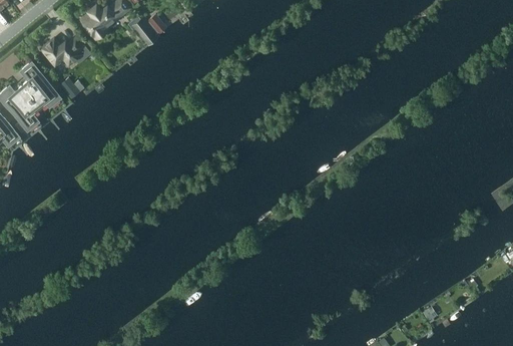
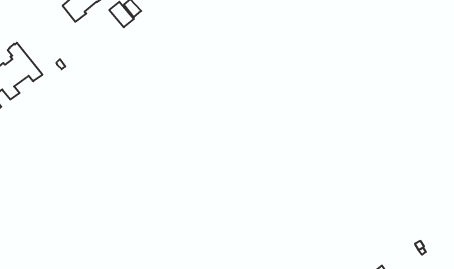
building: [41,38,83,65] -> none

